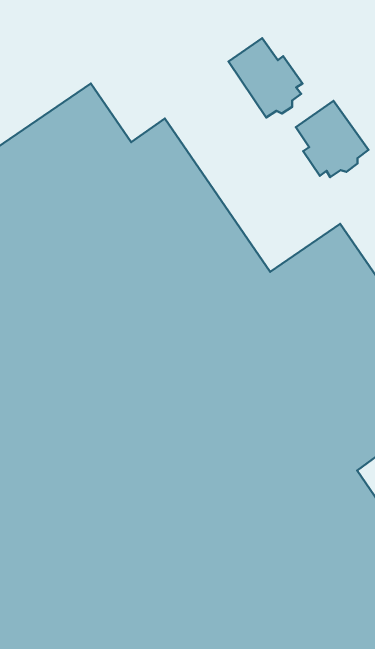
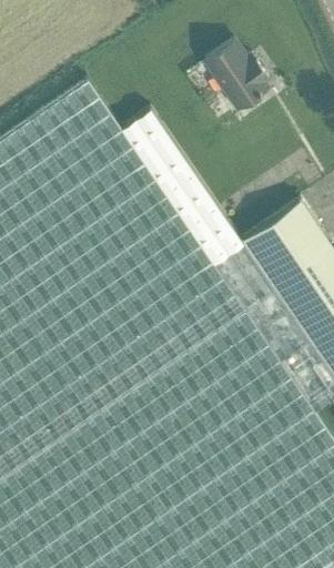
building: [296,101,368,177] -> none

